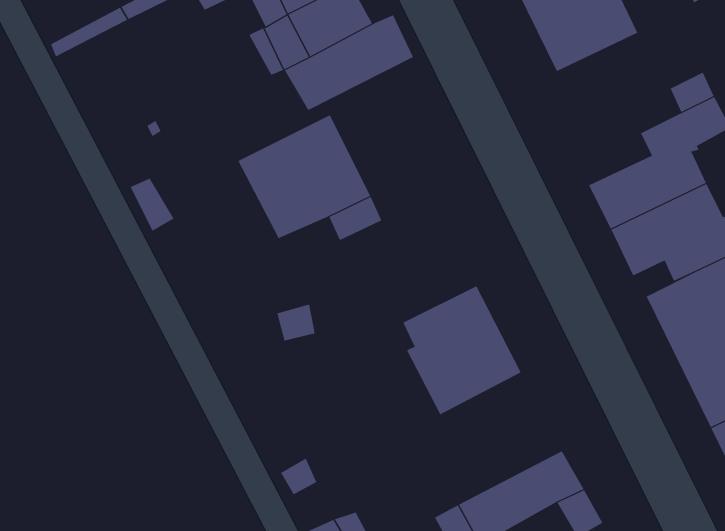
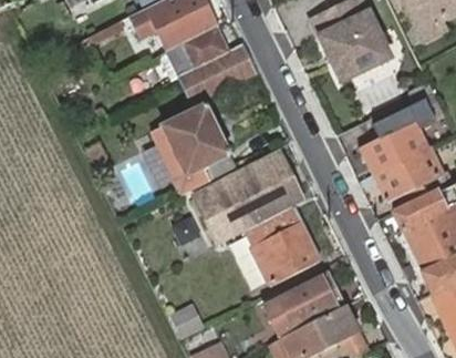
building: none -> [194,151,303,242]
building: none -> [263,270,342,334]

